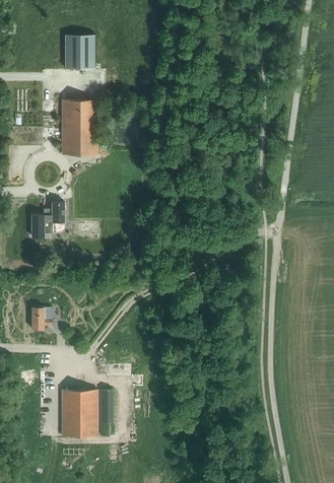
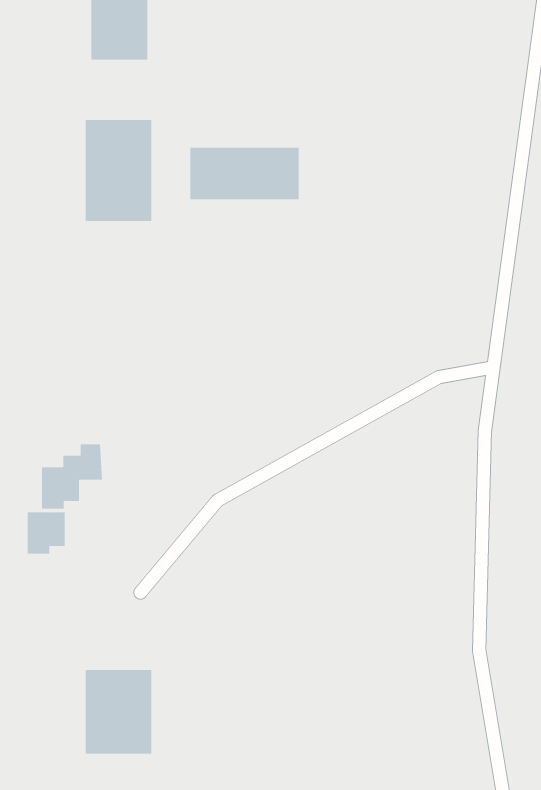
building: none -> [190,147,299,200]
building: [31,203,64,237] -> [41,444,103,509]

